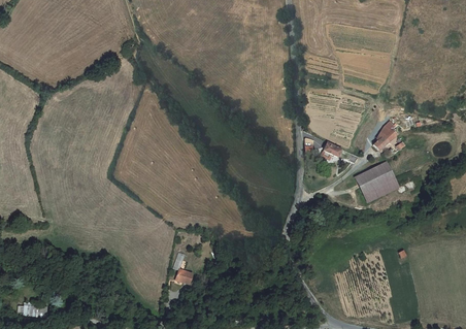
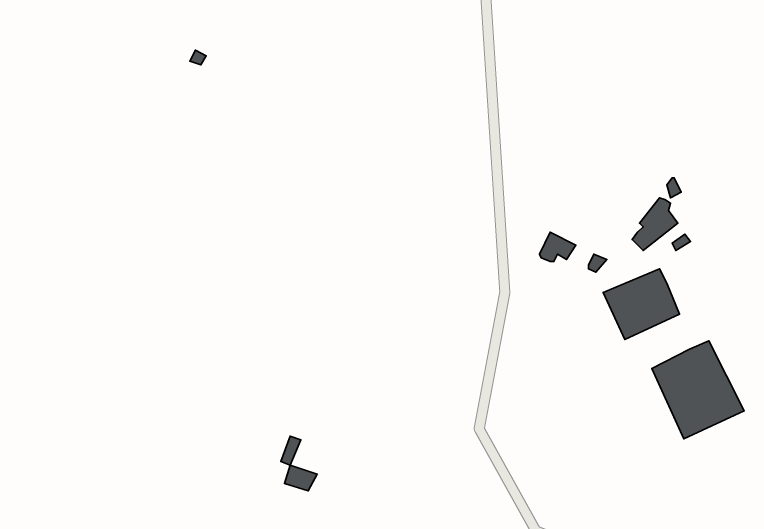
building: none -> [652,341,744,439]

